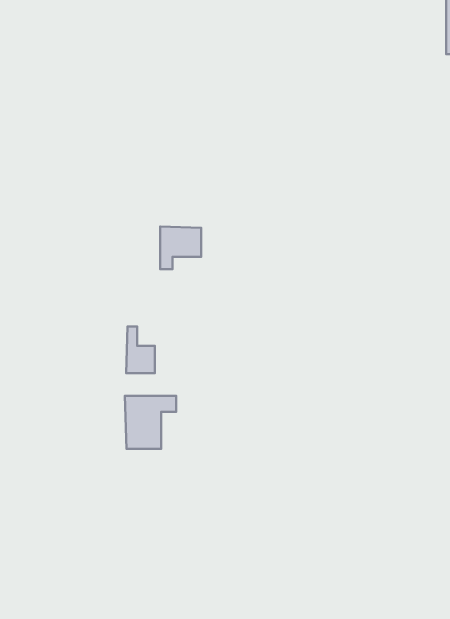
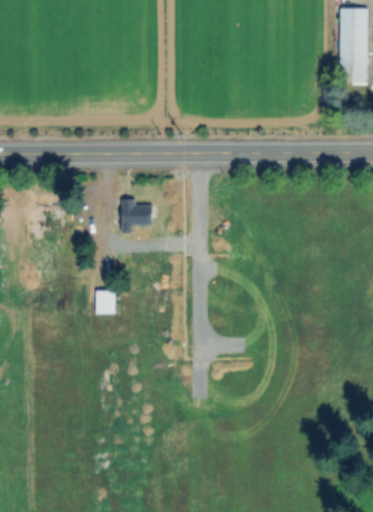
building: [125,396,176,449] -> none

